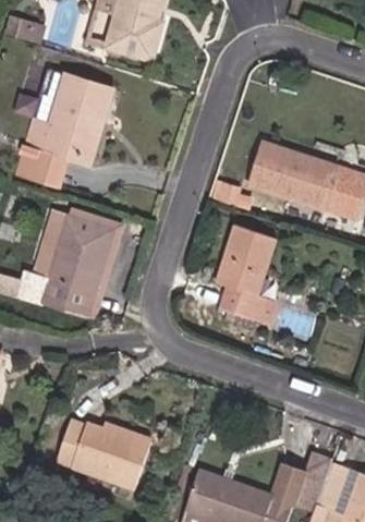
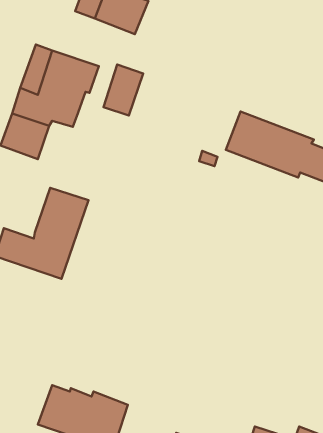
building: none -> [103,65,143,115]
building: [211,217,277,315] -> none

